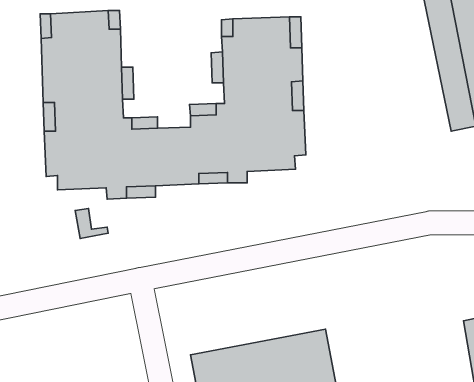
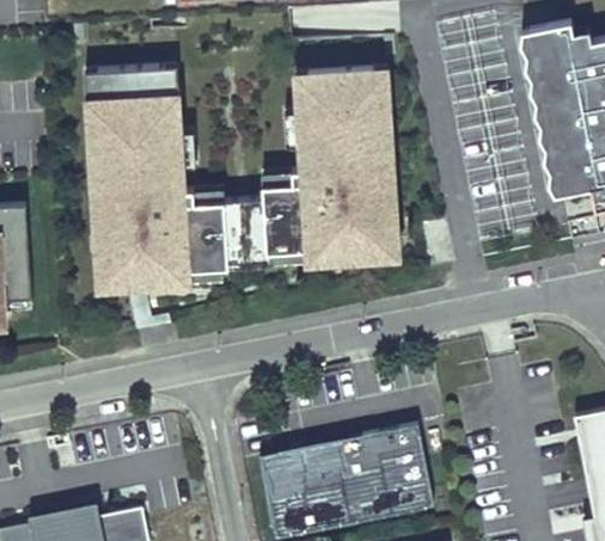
building: none -> [325,227,395,259]
building: none -> [92,251,163,281]

